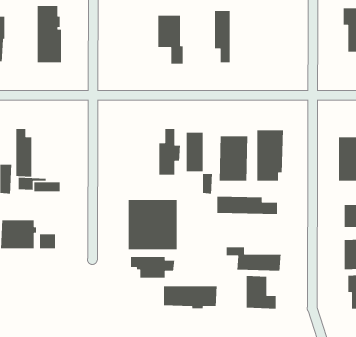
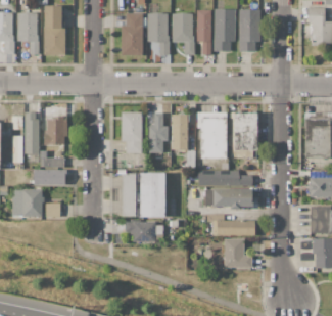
building: none -> [215,8,236,52]
building: none -> [240,9,259,51]
building: none -> [17,12,39,54]
building: none -> [122,13,143,54]
building: none -> [173,13,194,54]
building: none -> [122,111,142,153]
building: none -> [44,116,68,144]
building: none -> [34,170,64,184]
building: [163,286,218,309] -> [205,188,252,209]

